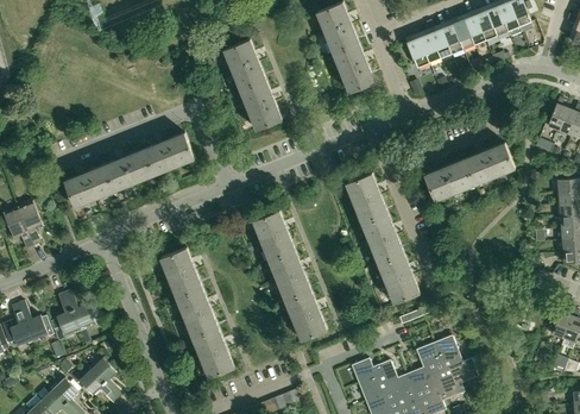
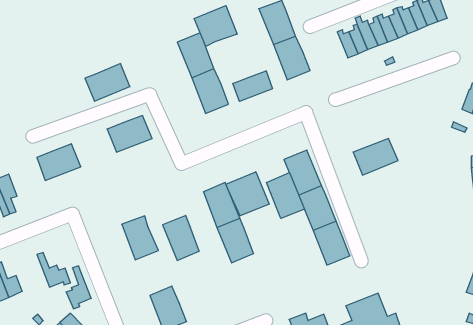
building: none -> [194,6,237,46]
building: none -> [233,71,273,101]
building: [464,143,515,184] -> none
building: [103,149,155,192] -> [85,64,130,101]
building: none -> [226,172,269,216]
building: none -> [267,173,304,218]
building: [176,287,218,338] -> [163,215,199,260]
building: [285,290,327,341] -> none
building: [50,291,78,340] -> [66,266,91,309]

